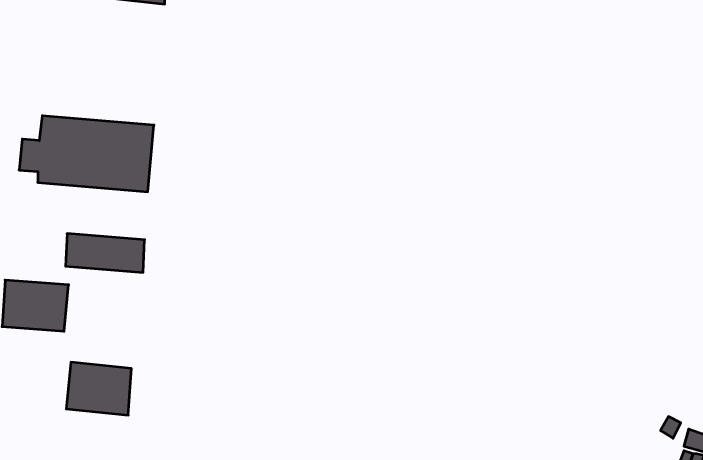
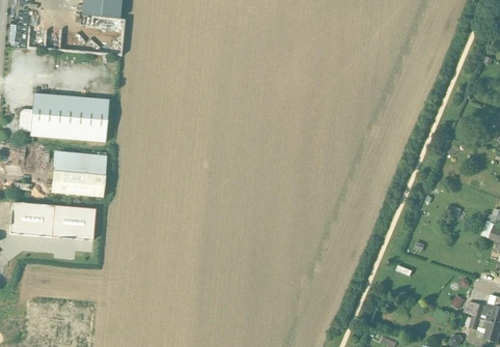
building: none -> [53,151,107,175]
building: [66,362,131,415] -> [51,205,94,240]

